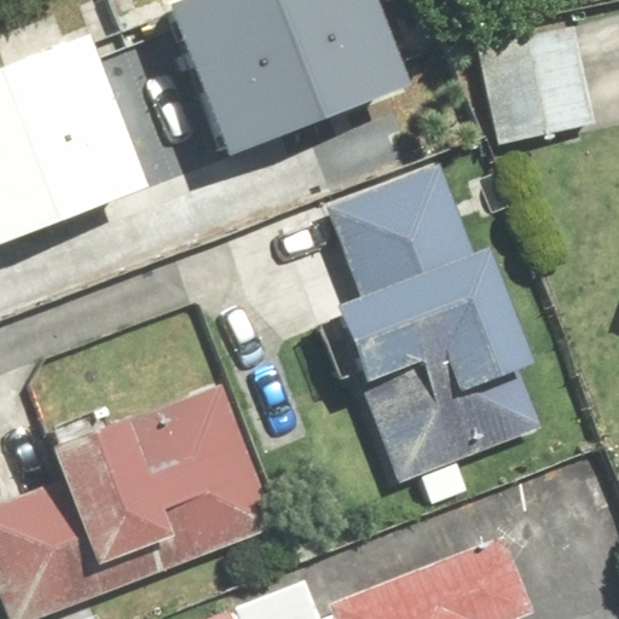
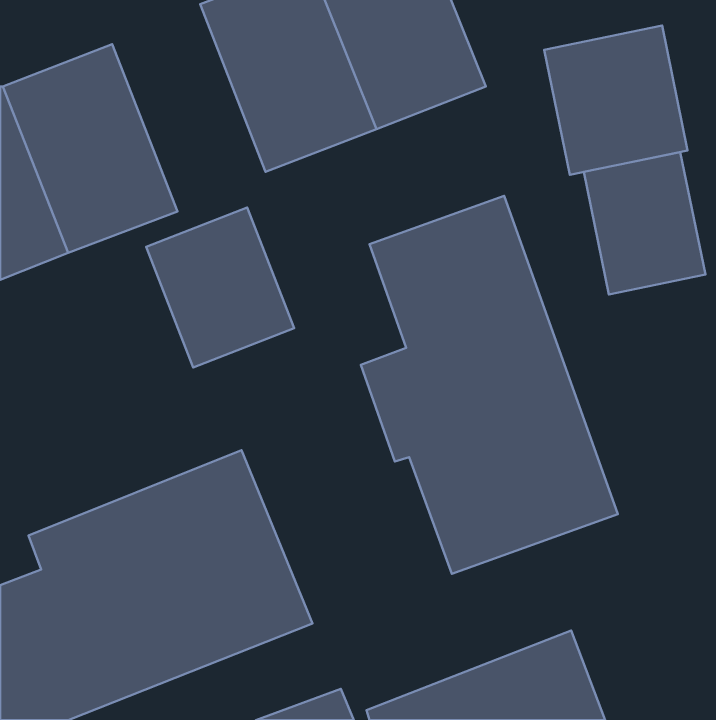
building: none -> [584,152,705,294]
building: none -> [146,207,294,367]

